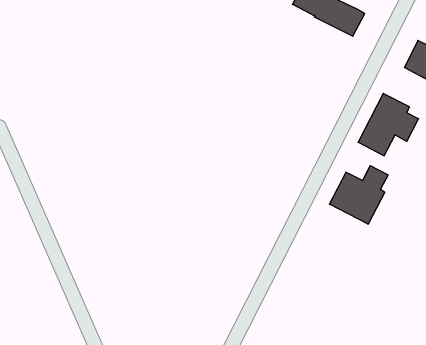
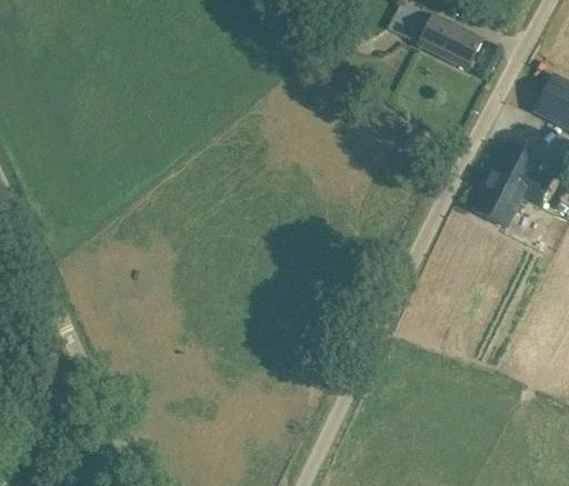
building: [329,166,388,224] -> none

